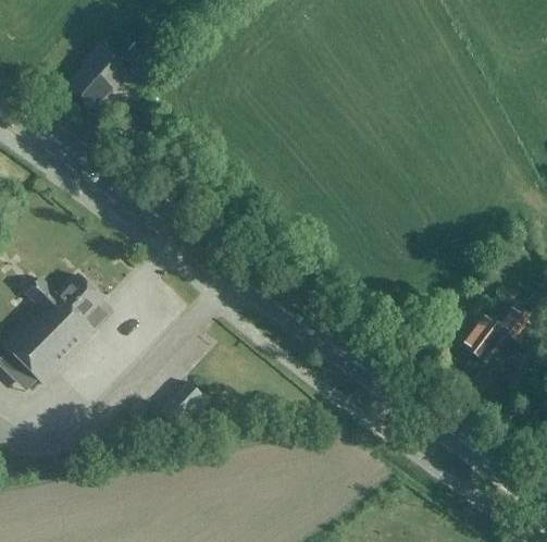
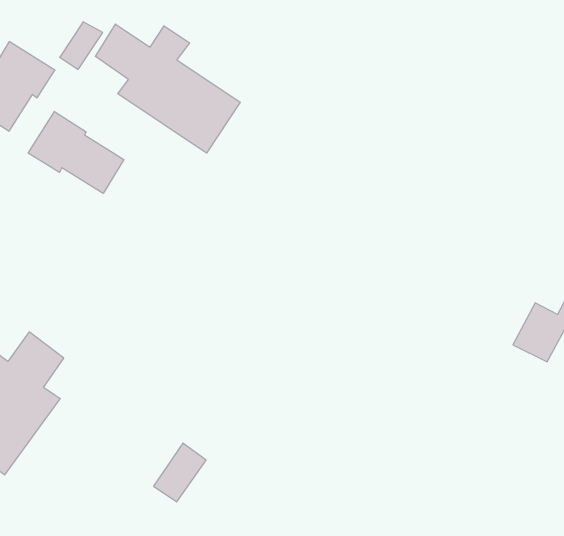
building: none -> [95,24,240,153]
building: none -> [28,111,124,193]

